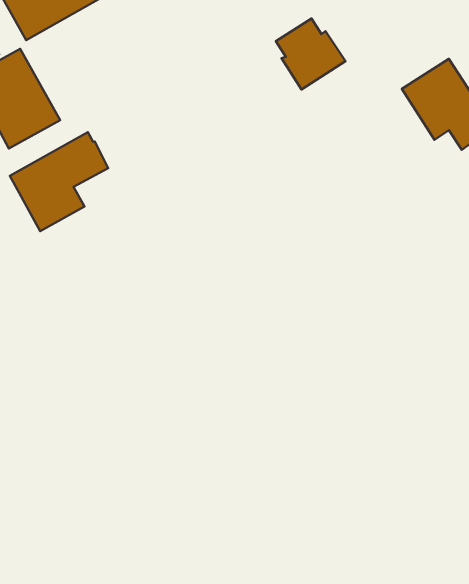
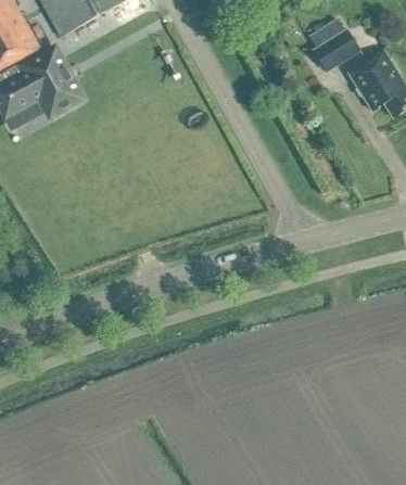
building: [276,18,346,90] -> [307,18,360,73]
building: [10,132,108,231] -> none

